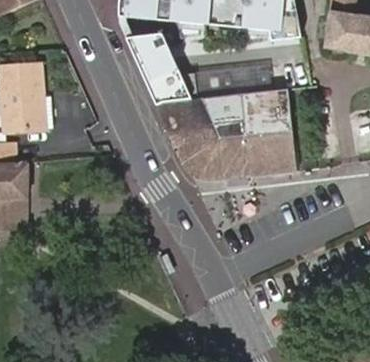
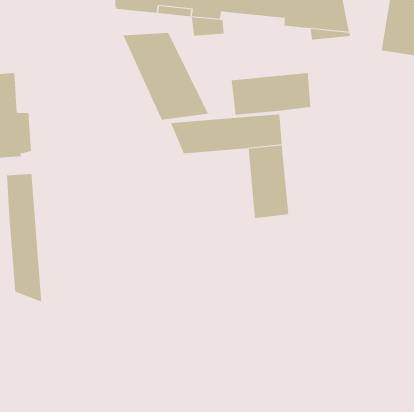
building: [247,92,299,174] -> none
building: [172,123,227,177] -> none
building: none -> [7,173,42,302]

